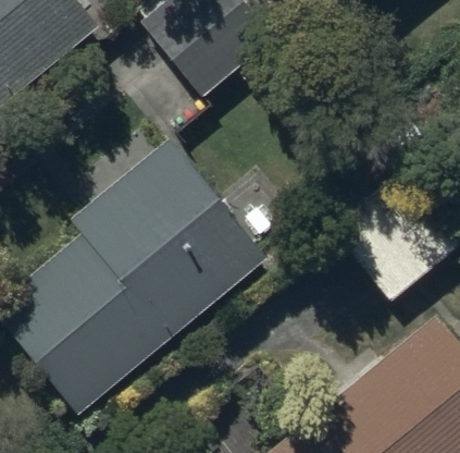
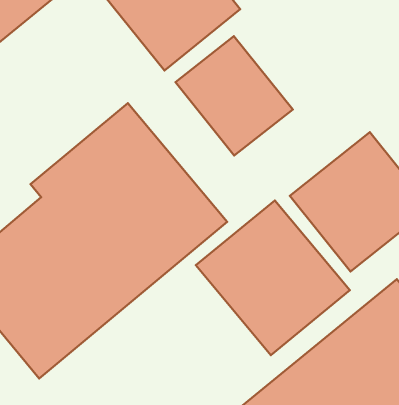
building: none -> [175,36,293,156]
building: none -> [196,200,350,355]

